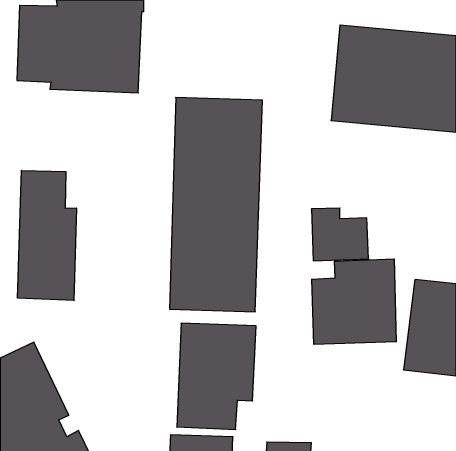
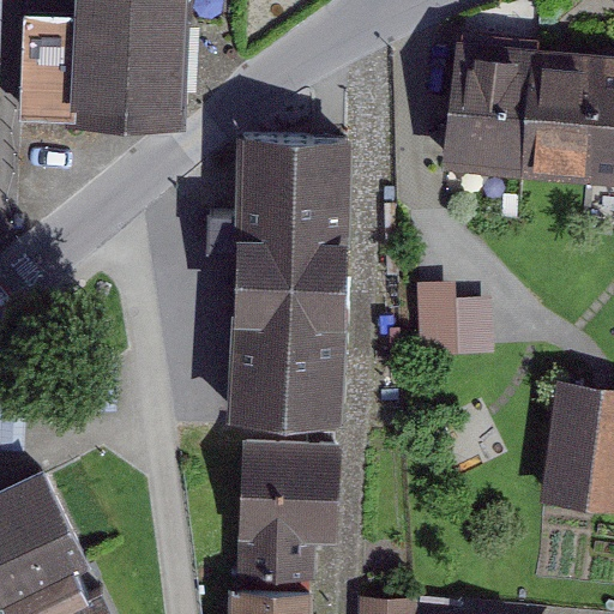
building: [18,170,76,301] -> none
building: [312,259,396,344] -> none

